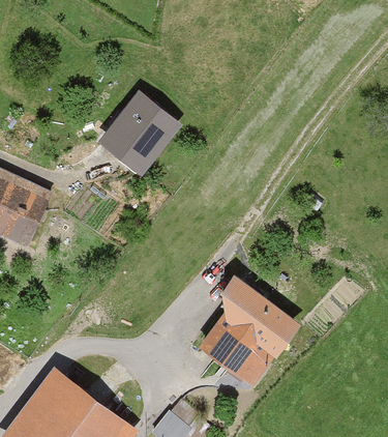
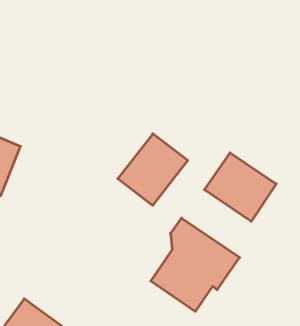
building: [99,91,180,174] -> [118,134,188,205]
building: none -> [204,153,276,221]

